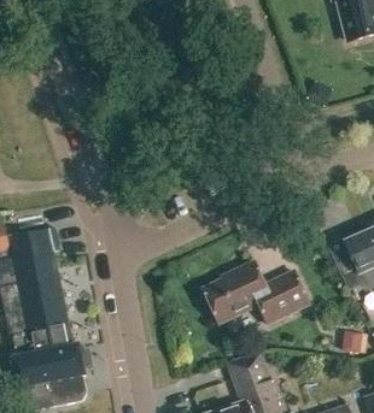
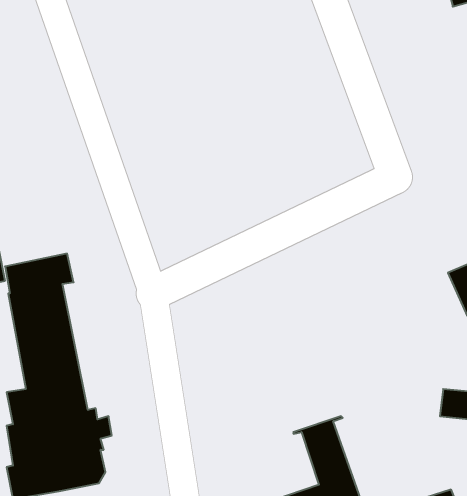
building: [201,260,309,323] -> none

